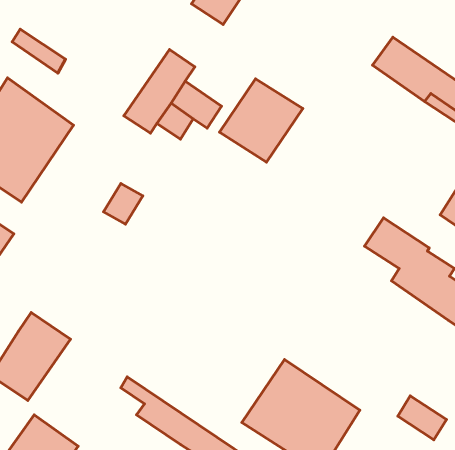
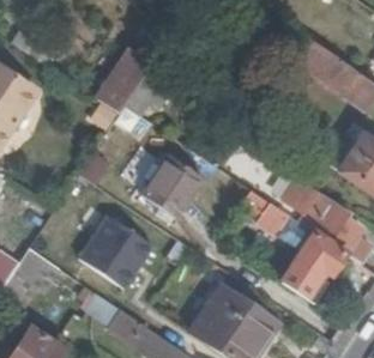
building: [219,79,303,162] -> [143,152,206,216]
building: none -> [237,188,345,278]
building: none -> [76,201,156,289]

